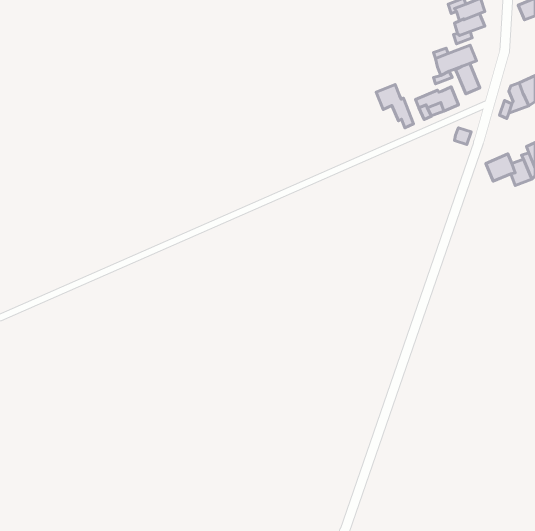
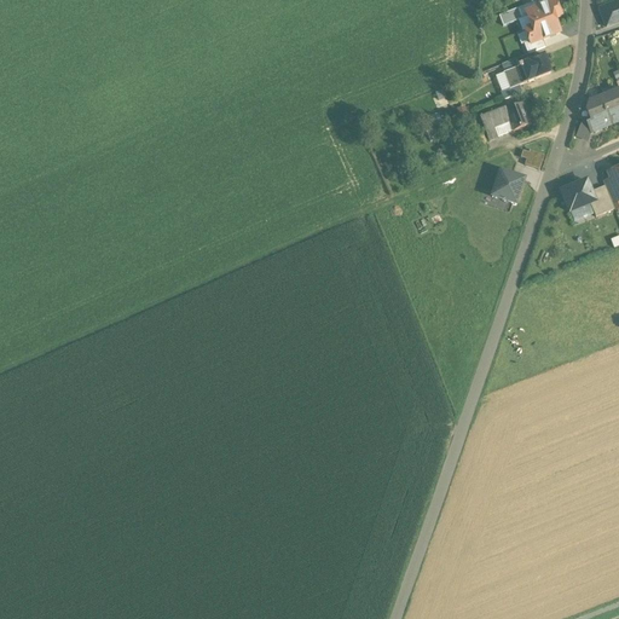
building: [455,63,480,94] -> none
building: [376,85,414,128] -> none
building: none -> [492,169,523,202]

